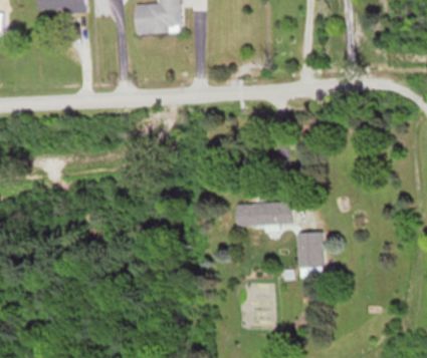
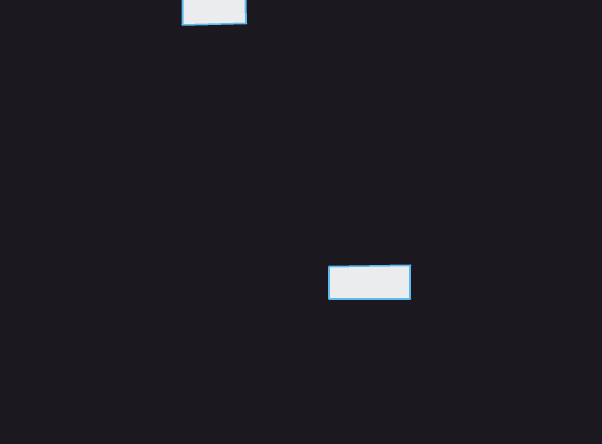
building: [298,230,324,275] -> none

